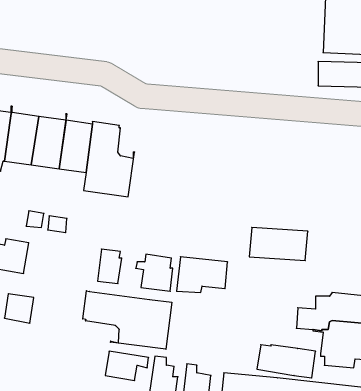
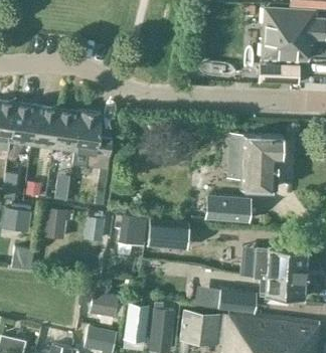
building: none -> [227,132,286,189]
building: none -> [43,209,72,239]
building: [83,291,172,349] -> none

